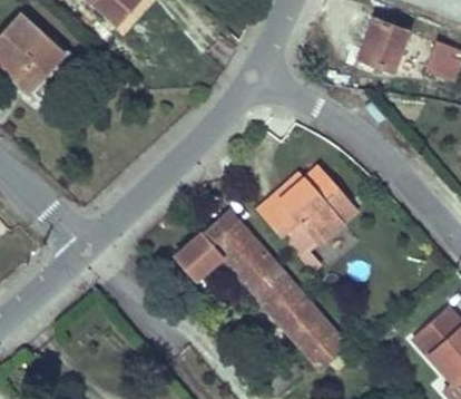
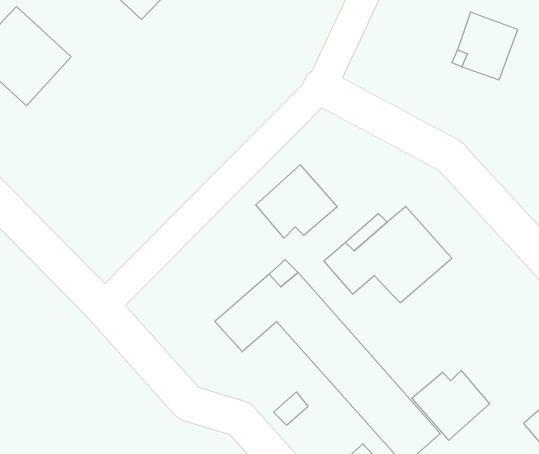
building: none -> [256,165,337,238]
building: none -> [412,370,490,440]

